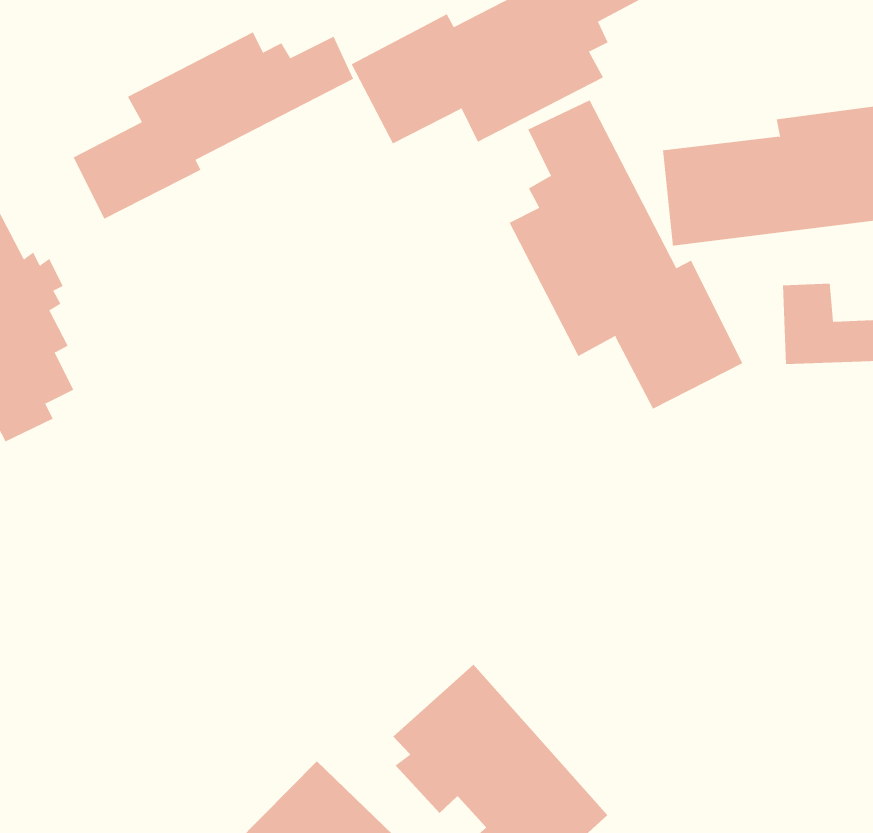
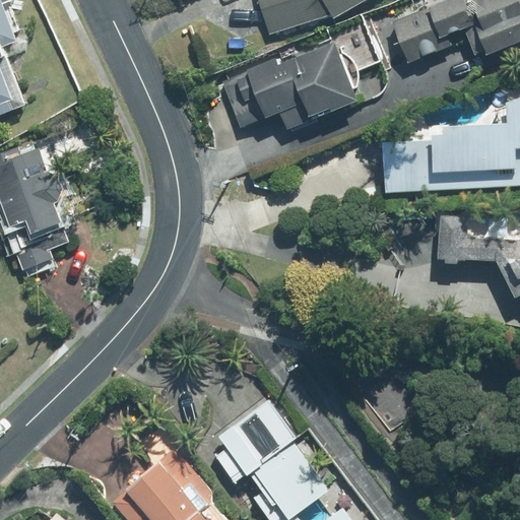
building: [73,32,354,219] -> none
building: [509,99,743,409] -> none

